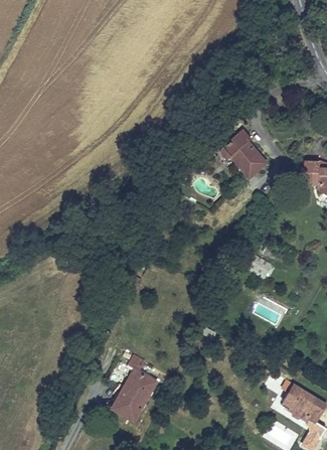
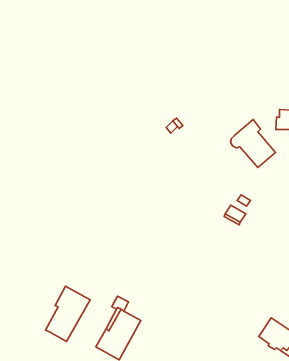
building: [218,129,267,180] -> [231,120,276,167]
building: none -> [45,286,90,342]

